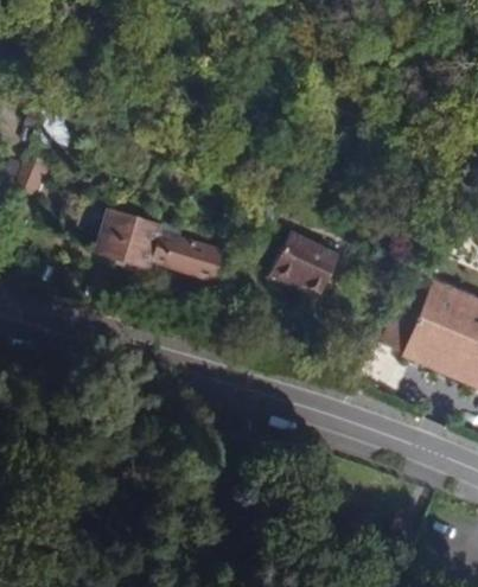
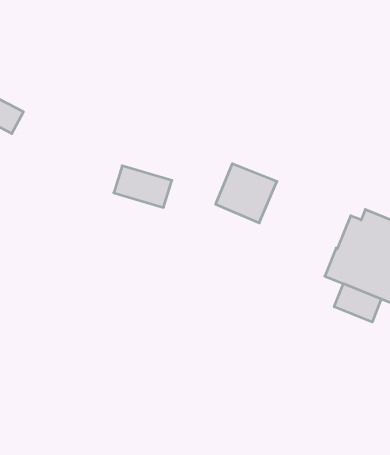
building: [93,209,165,269] -> none
building: none -> [334,284,381,322]

